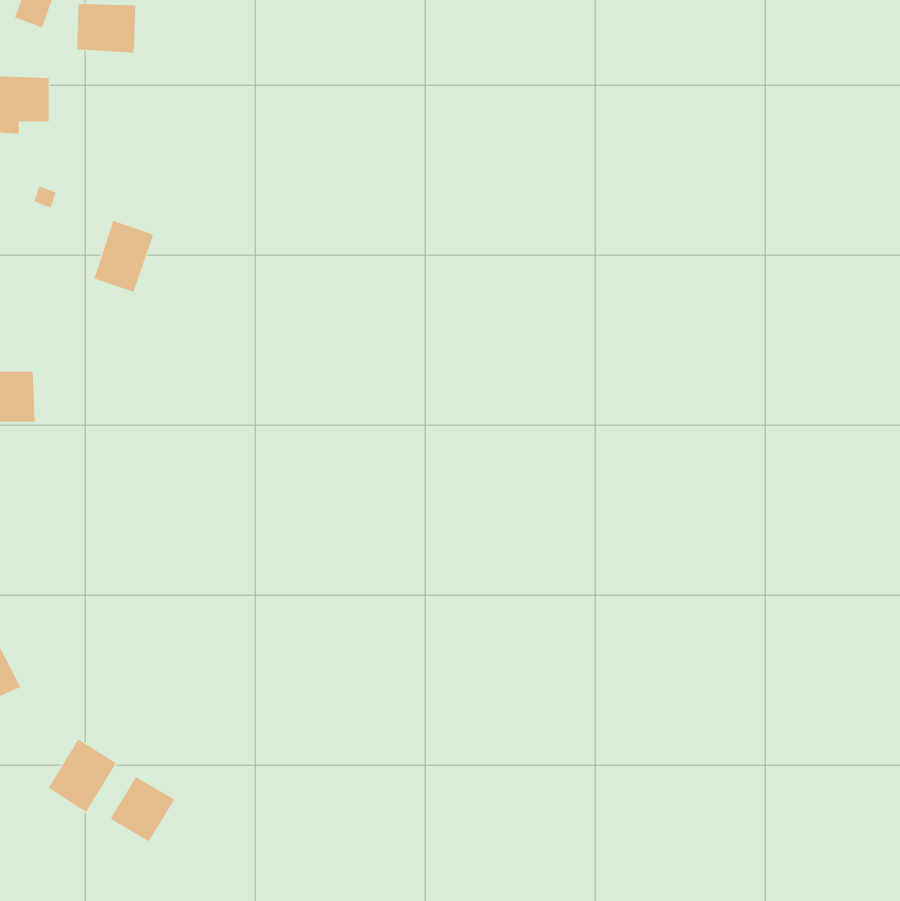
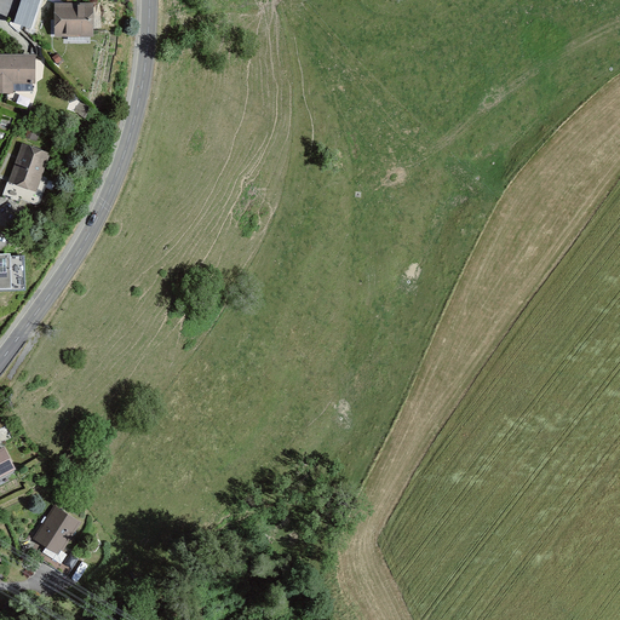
building: [94,220,154,293] -> [7,143,48,193]
building: [110,776,175,842] -> none

